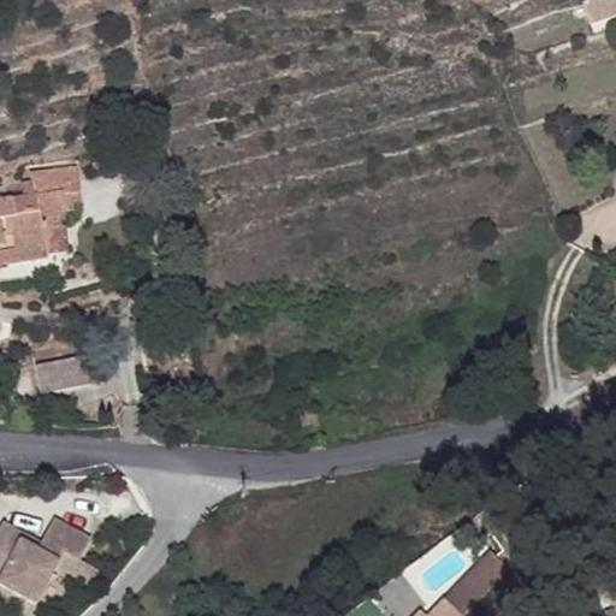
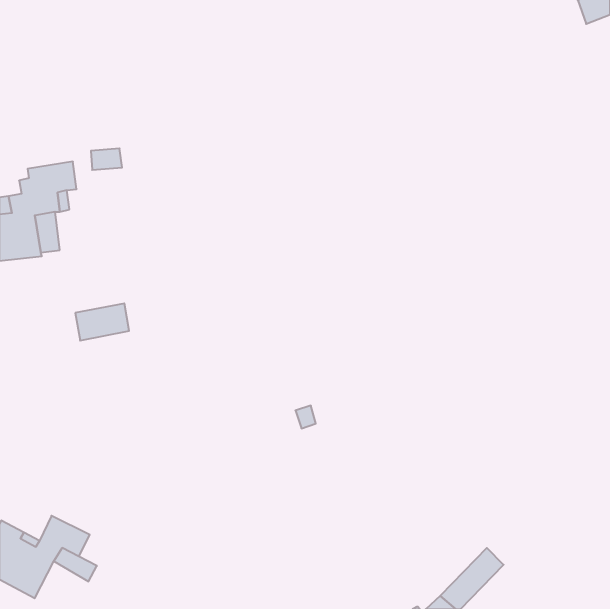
building: [36,353,90,390] -> [75,303,129,341]

